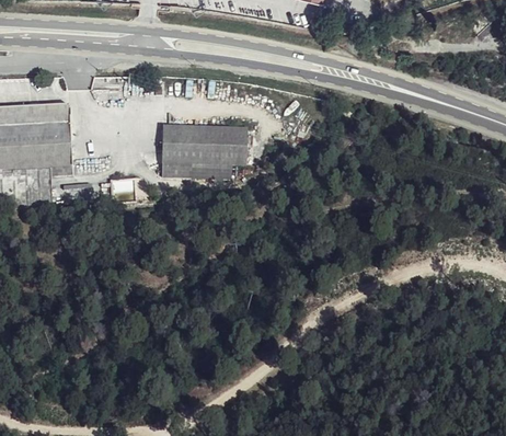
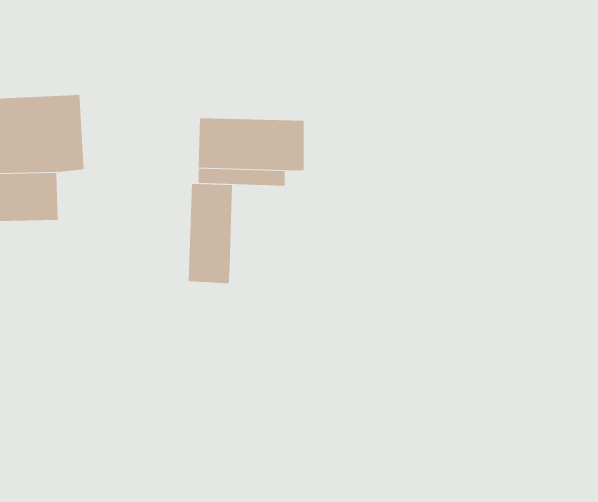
building: none -> [188,183,232,284]

